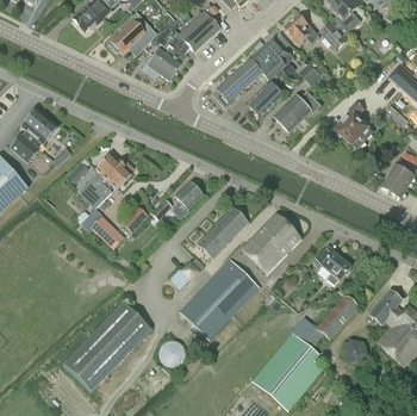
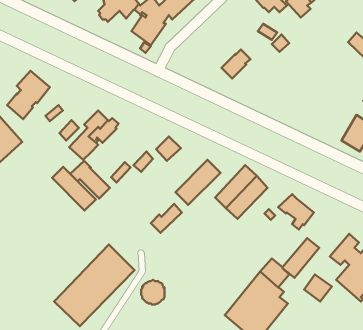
building: [212,37,291,108] -> none
building: [274,91,322,132] -> none
building: [335,100,372,149] -> none
building: none -> [52,167,96,211]
building: [180,260,259,340] -> none

